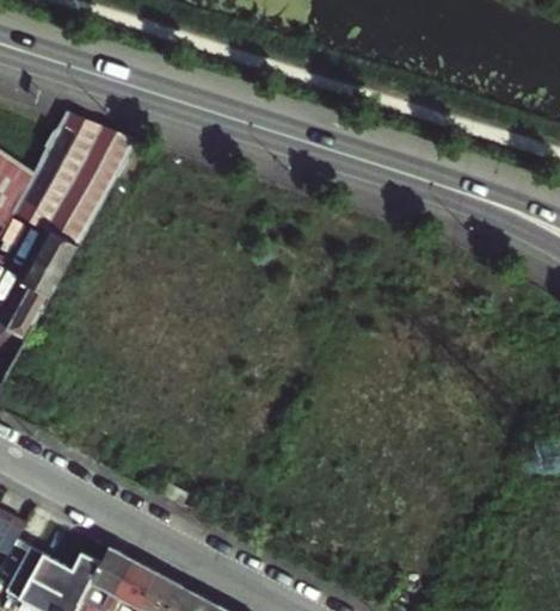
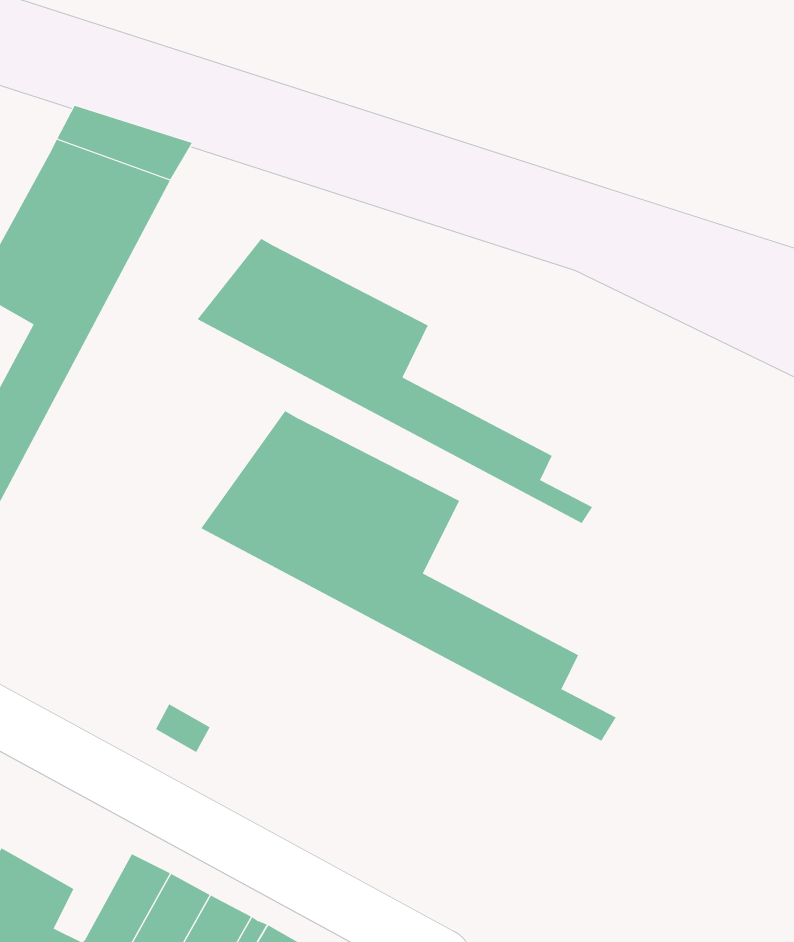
building: none -> [197,238,593,524]
building: none -> [201,410,616,741]

